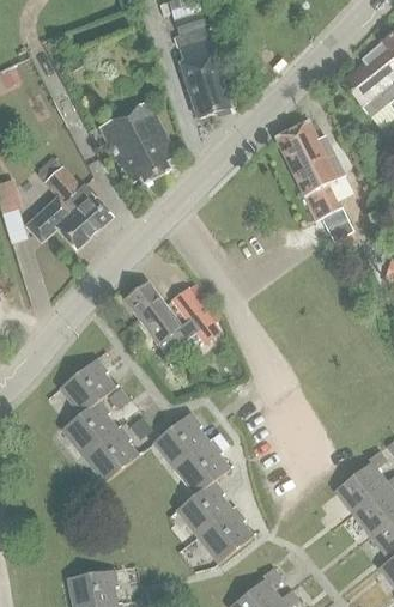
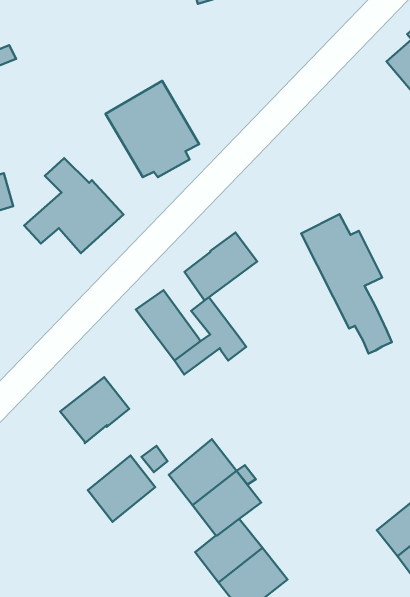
building: [180,37,231,119] -> none
building: [274,120,353,241] -> [301,214,392,353]
building: none -> [184,233,257,300]
building: [61,399,120,455] -> none

